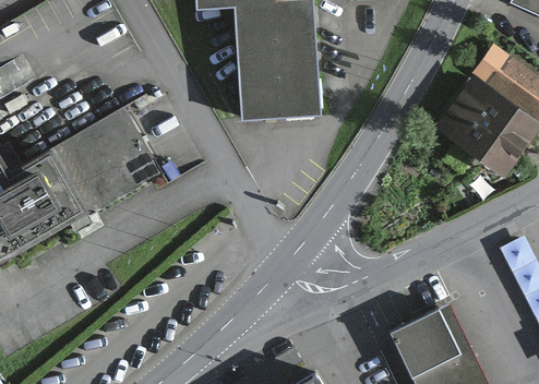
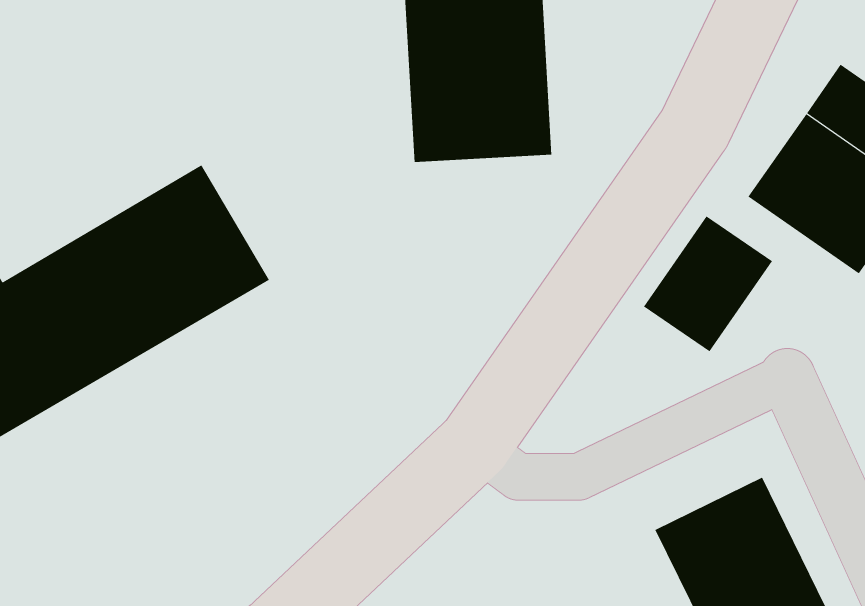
building: none -> [643,216,773,352]

